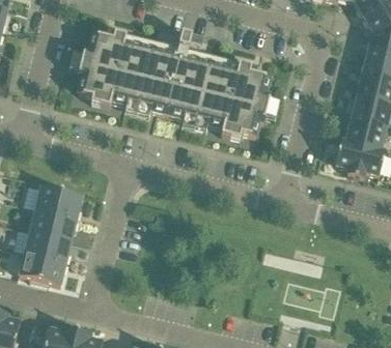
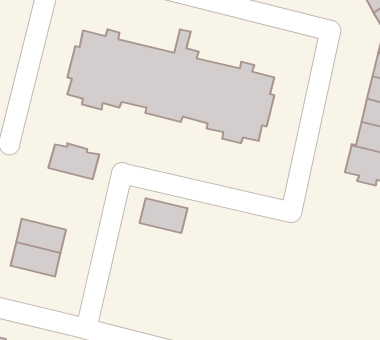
building: [34,186,82,220] -> [48,143,99,179]
building: none -> [140,198,188,233]
building: [19,253,65,286] -> none

